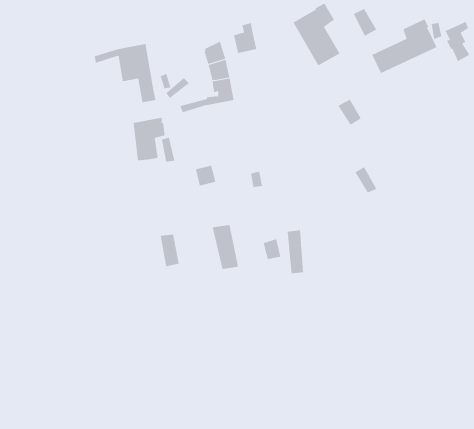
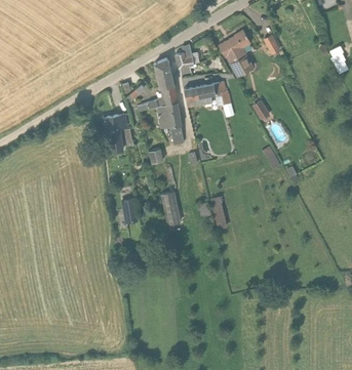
building: [371,19,437,74] -> none
building: [94,44,156,103] -> [139,100,184,143]
building: none -> [184,81,233,117]

